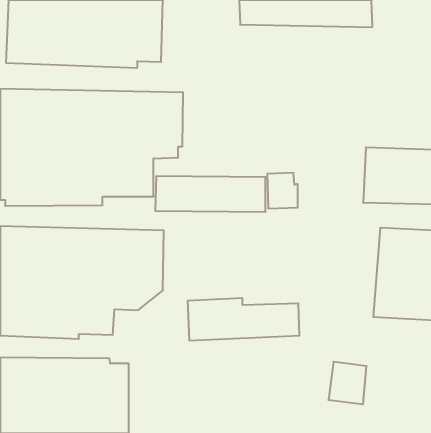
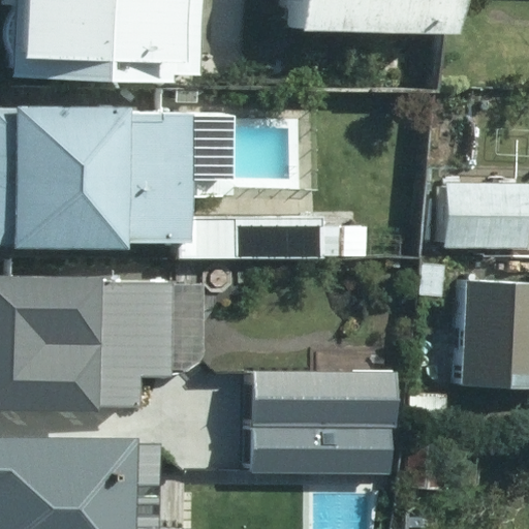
building: none -> [239,424,361,487]

